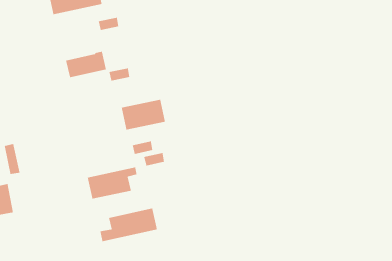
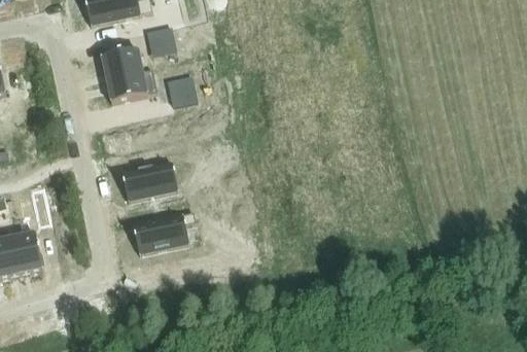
building: none -> [101,49,142,80]
building: [121,99,166,130] -> [121,162,177,201]
building: [99,207,158,242] -> none

